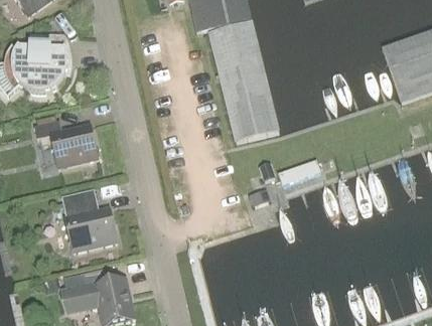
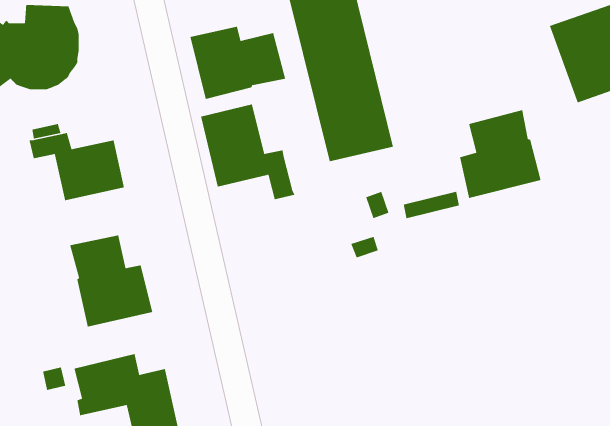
building: none -> [190,26,286,100]
building: none -> [200,104,295,200]
building: none -> [459,109,542,199]

